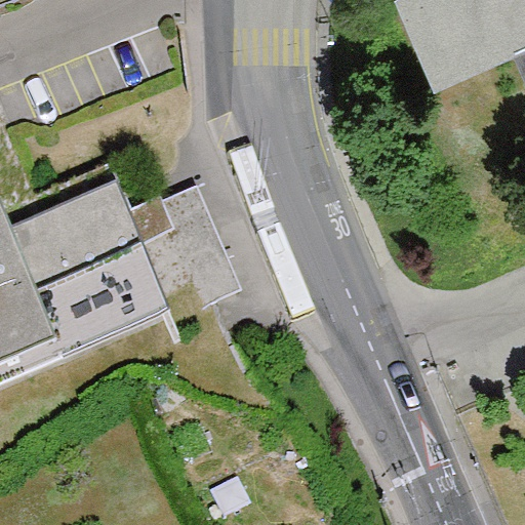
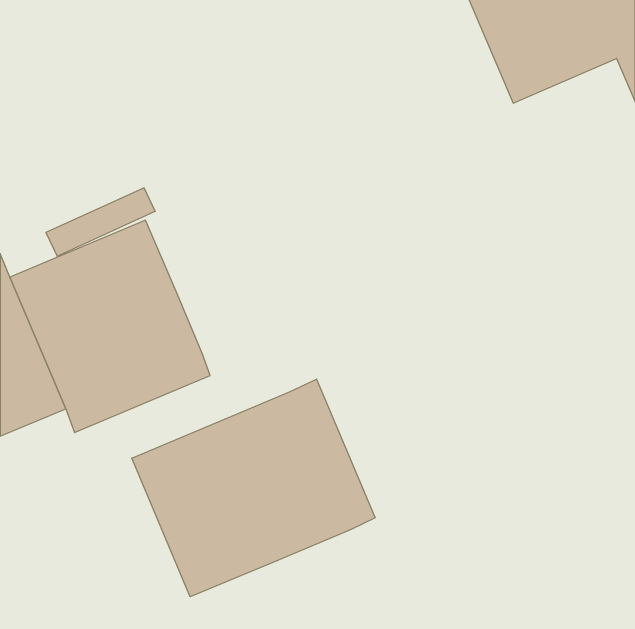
building: [146,187,242,308] -> none
building: none -> [132,379,375,597]

